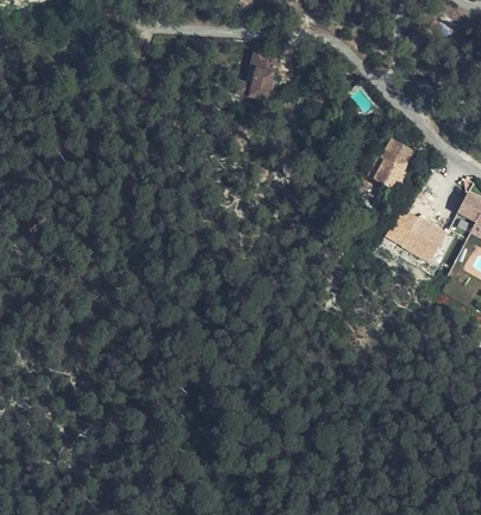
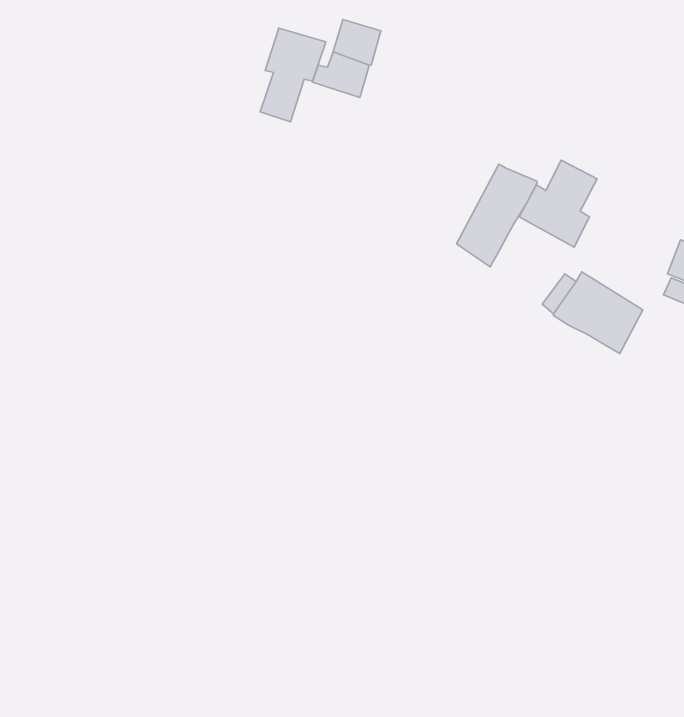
building: none -> [260,28,326,122]
building: none -> [457,164,537,267]

